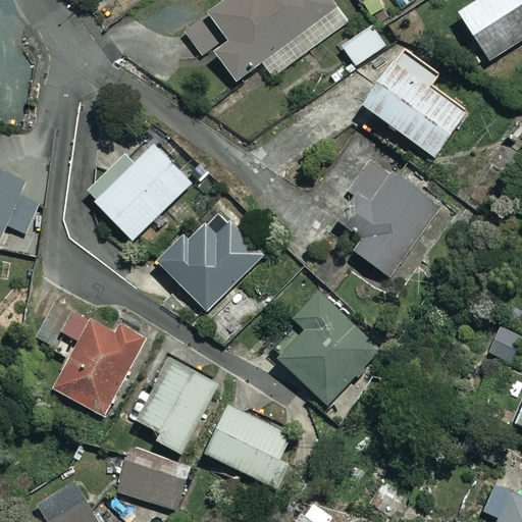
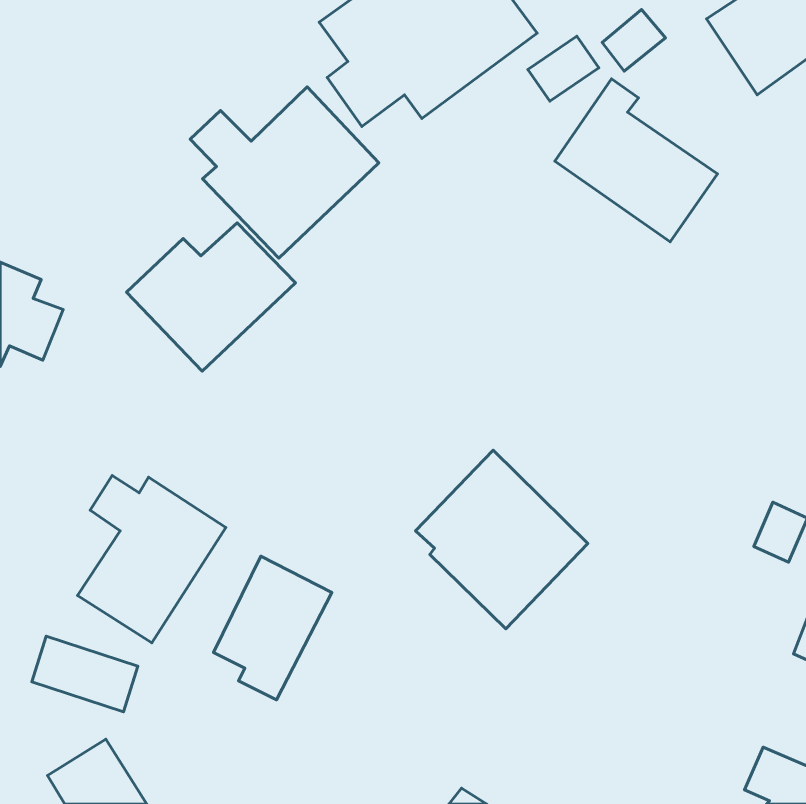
building: none -> [190,87,379,258]
building: [336,169,438,283] -> none
building: [156,195,264,311] -> none
building: [204,404,294,489] -> none
building: [117,461,186,510] -> [32,636,138,712]

